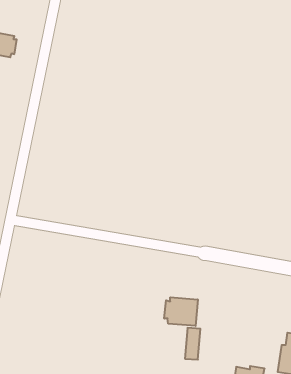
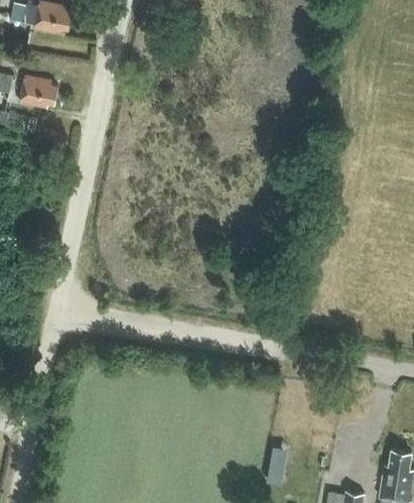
building: [164,297,198,326] -> none

